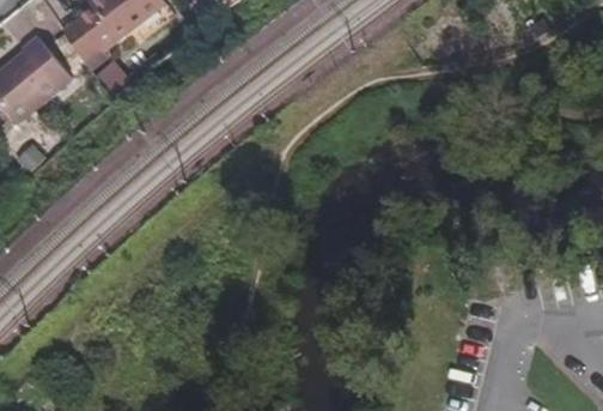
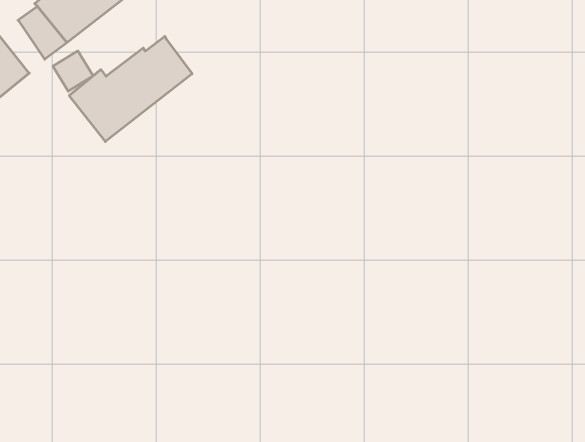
building: none -> [69,36,192,142]

